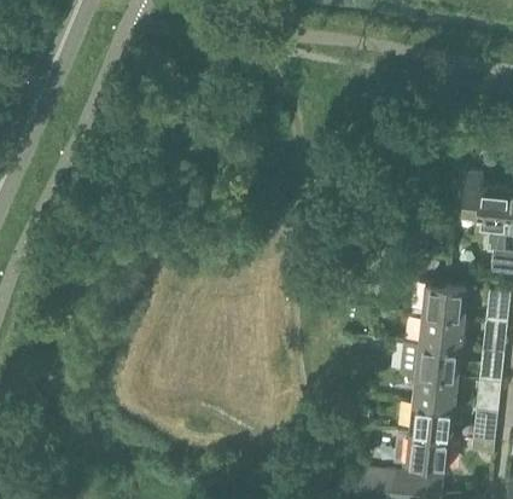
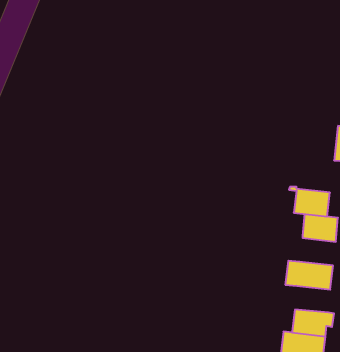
building: [413,311,465,348] -> [289,187,330,217]
building: [413,373,457,407] -> none

